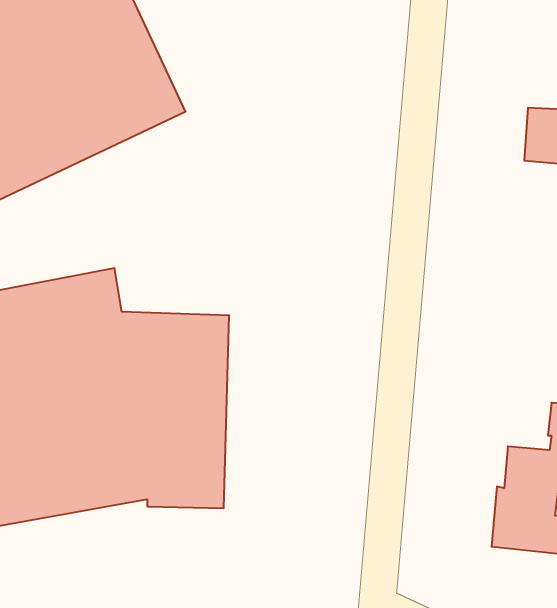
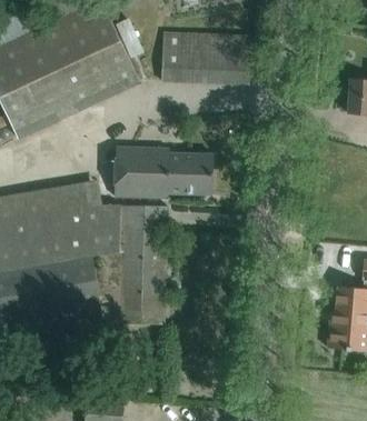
building: none -> [175,30,261,78]
building: none -> [112,148,211,198]

